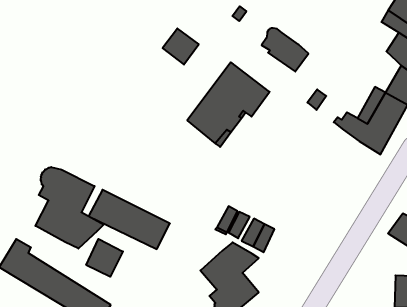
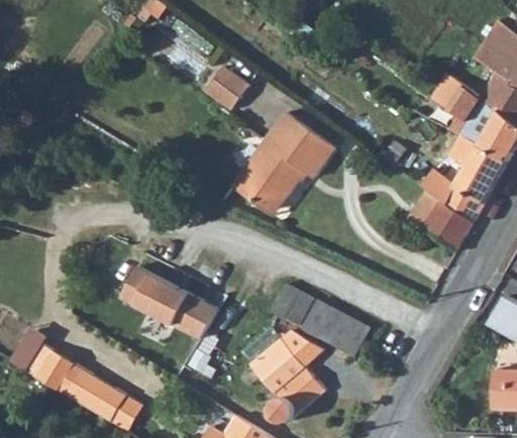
building: [262,28,308,72] -> [435,75,493,128]
building: none -> [417,191,474,251]
building: [35,167,104,249] -> none
building: none -> [330,313,370,354]
building: [86,239,123,277] -> none

